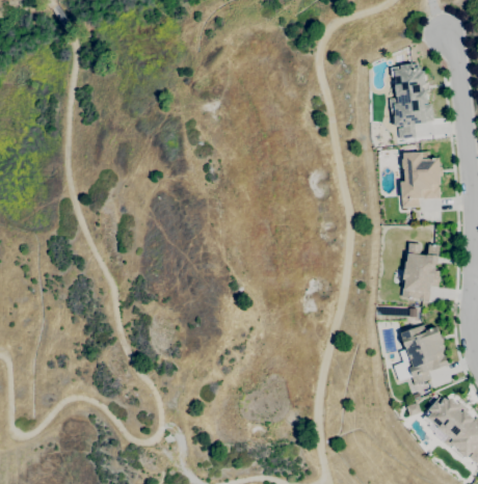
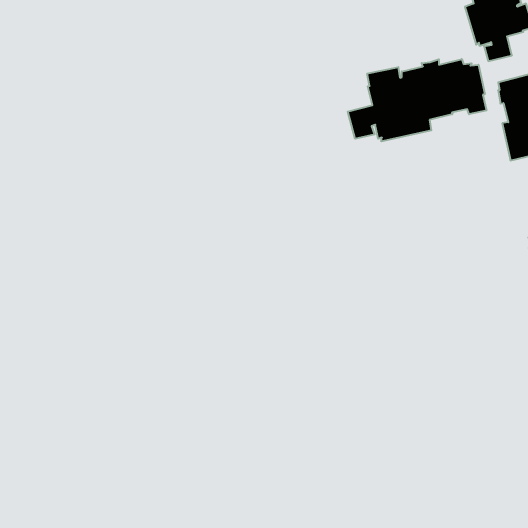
building: none -> [348,59,486,141]

